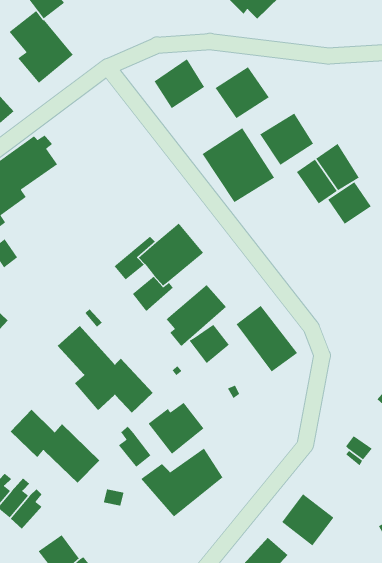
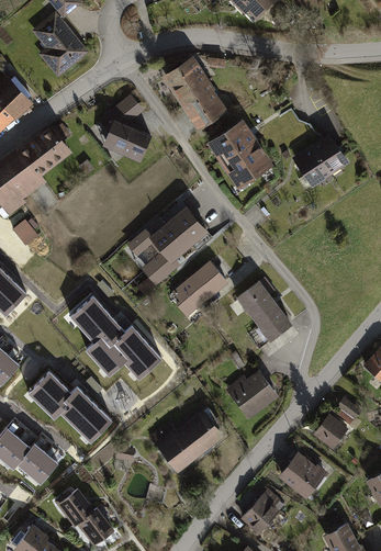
building: [214,66,270,119] -> [177,82,227,131]
building: none -> [99,95,153,164]
building: [259,113,314,166] -> none
building: [327,181,372,225] -> none
building: [189,324,230,364] -> none
building: [148,402,204,455] -> [224,372,276,420]
building: [118,426,151,468] -> none
building: none -> [311,415,347,451]

